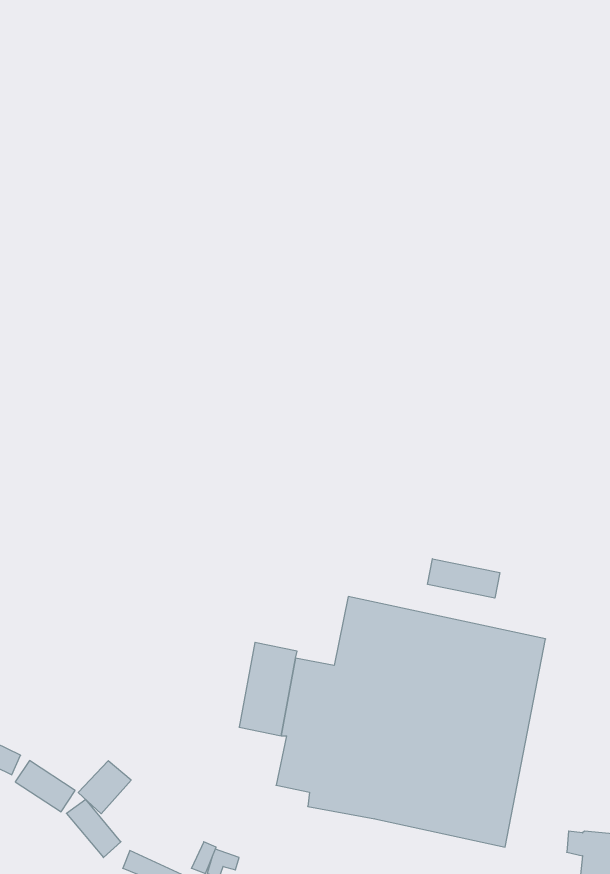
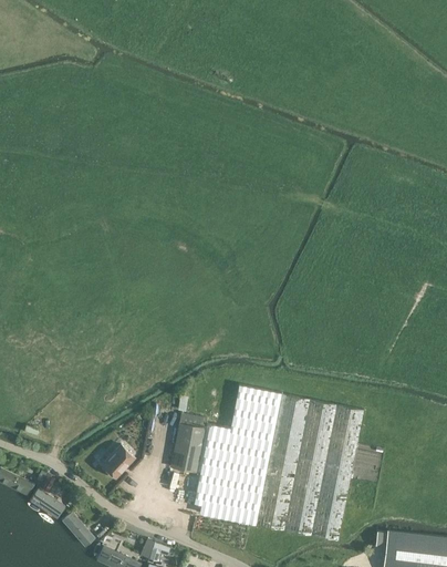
building: [428,559,500,598] -> none
building: [78,761,131,814] -> [100,445,133,478]

